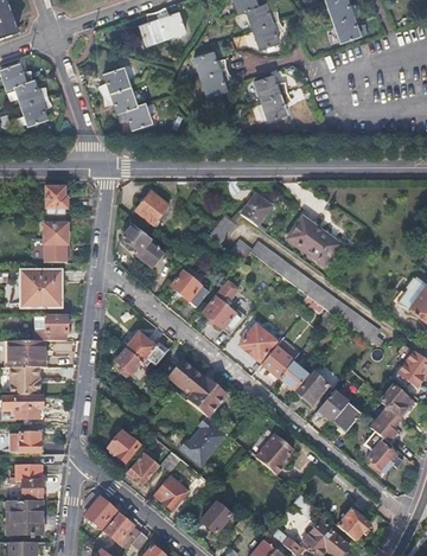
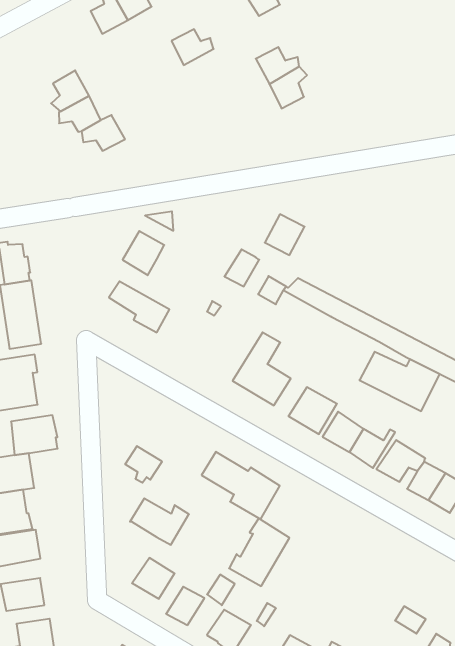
building: [202,66,232,95] -> none
building: [287,218,346,267] -> [359,352,440,411]
building: [170,267,209,306] -> none
building: [123,332,167,369] -> [130,498,189,545]
building: [254,433,292,473] -> none

